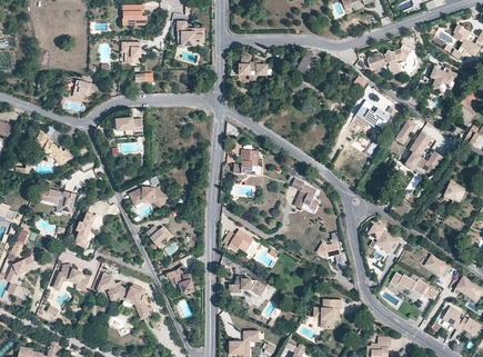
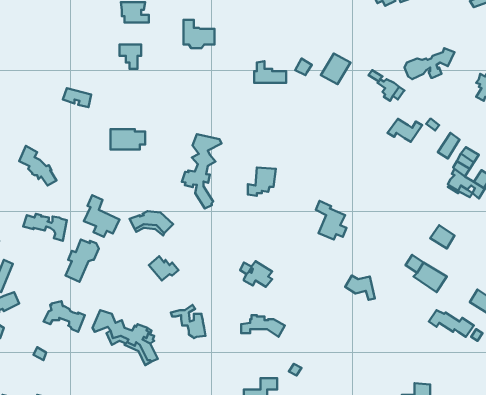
building: none -> [182,134,221,209]
building: none -> [84,195,120,237]
building: [312,298,340,327] -> none

